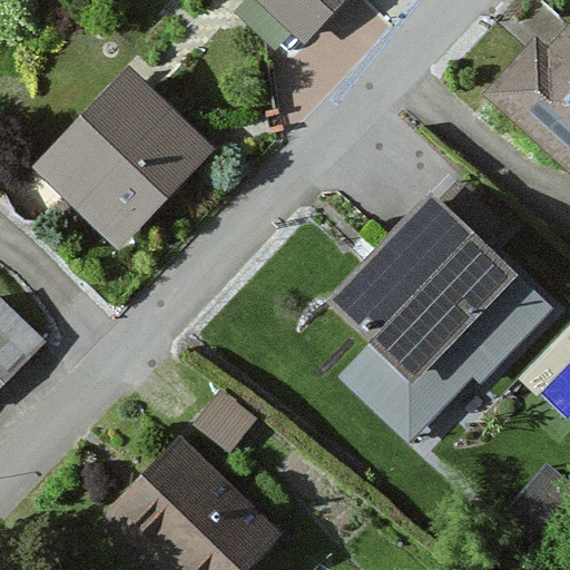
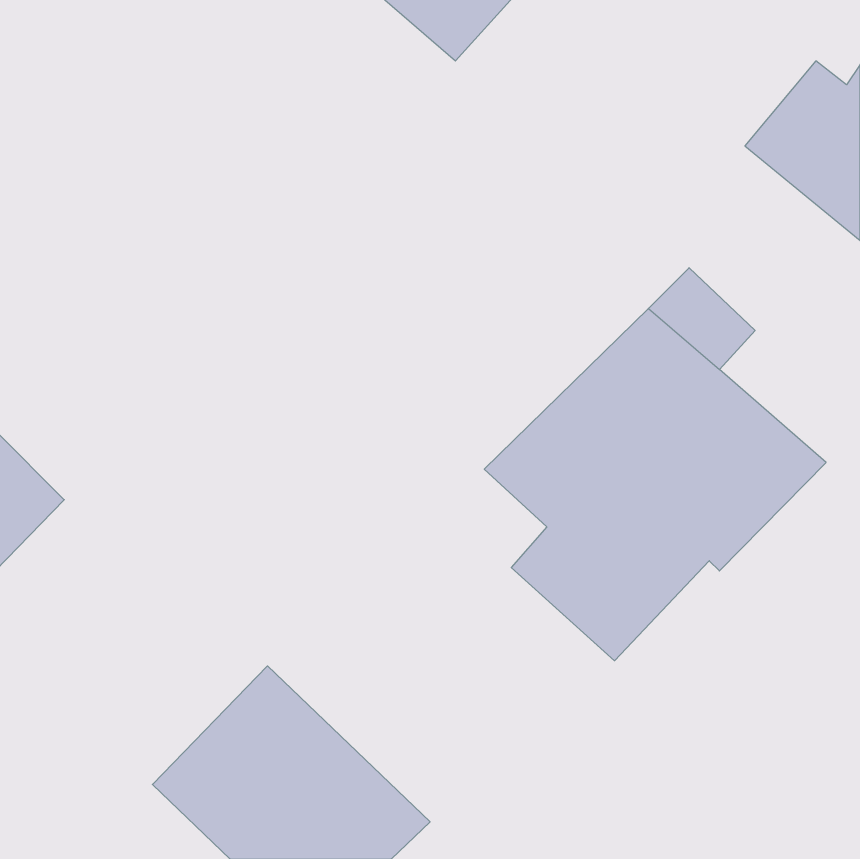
building: [39,72,224,256] -> none

